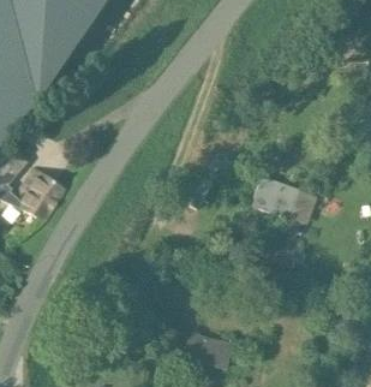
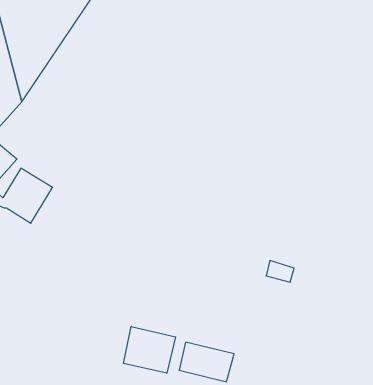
building: [249,174,304,220] -> none
building: none -> [123,326,176,373]

